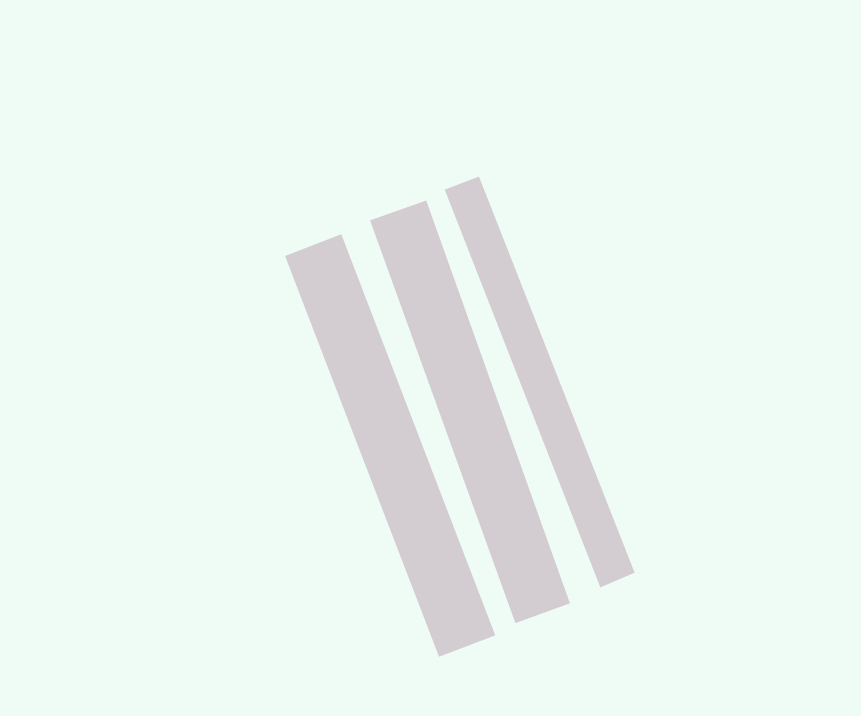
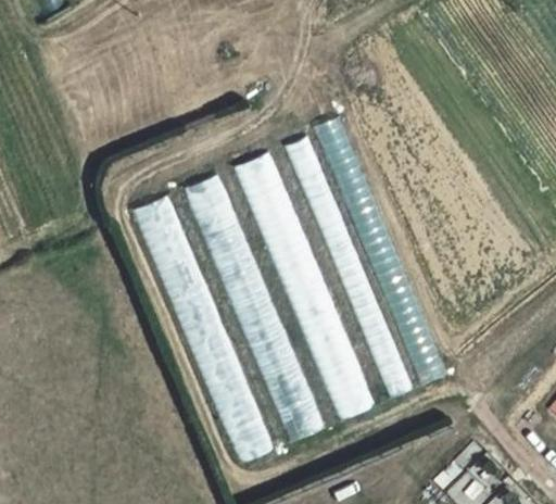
building: none -> [317,116,441,387]
building: none -> [140,194,268,465]

